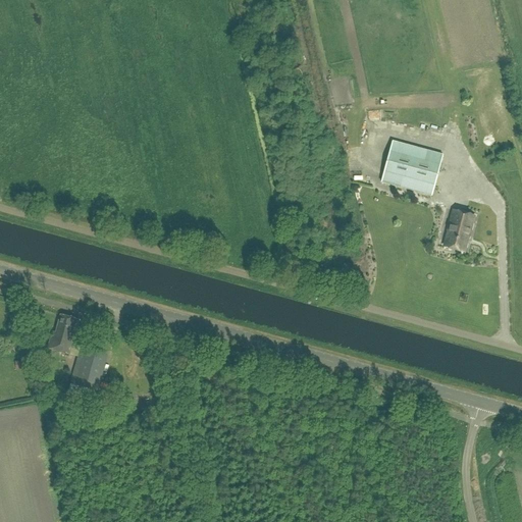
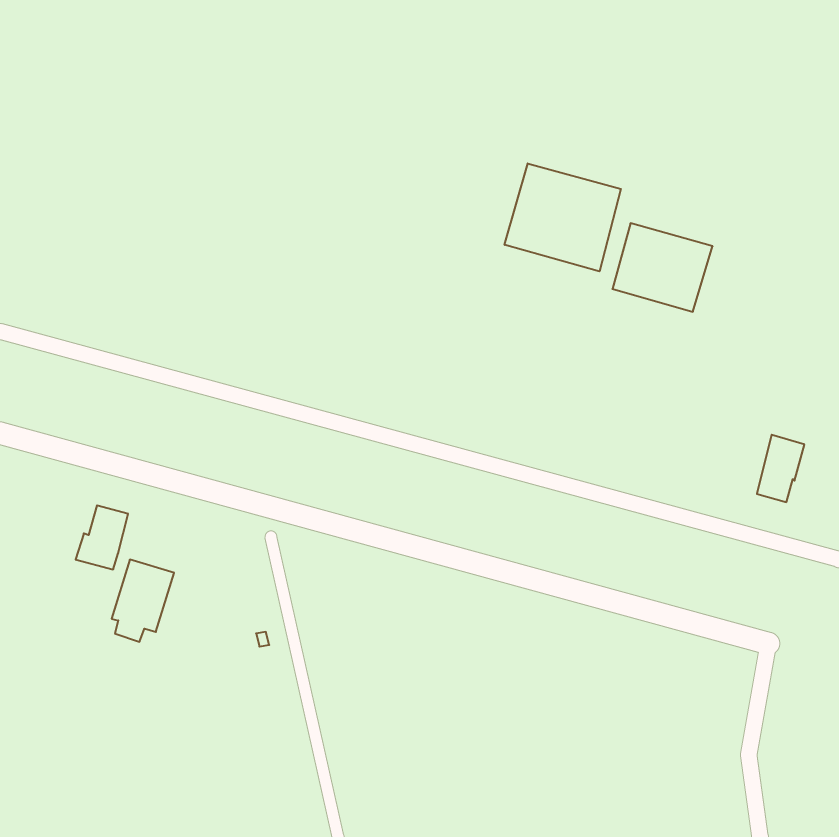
building: none -> [505,163,621,271]
building: [443,209,473,251] -> [757,435,804,502]

